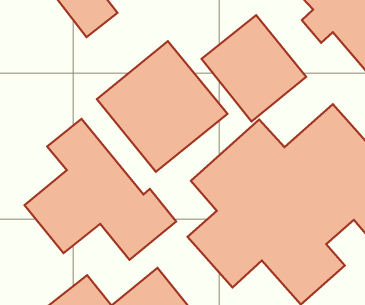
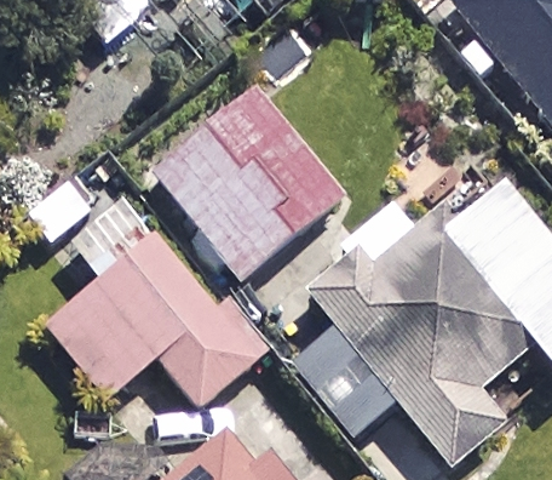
building: [201,15,306,121] -> none

